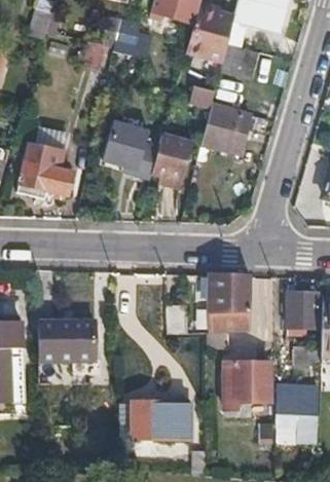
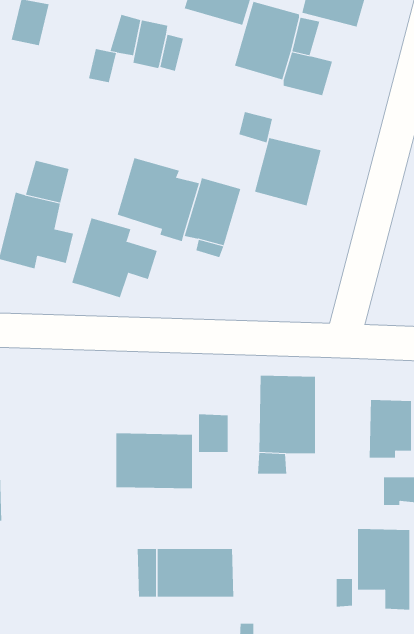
building: none -> [71,217,158,298]
building: [37,320,93,360] -> [115,433,193,489]
building: [222,361,267,406] -> none

